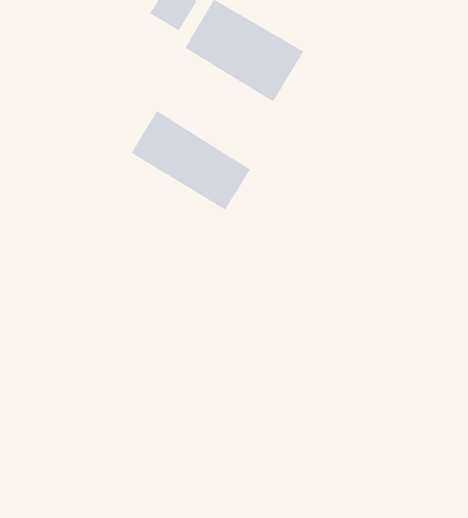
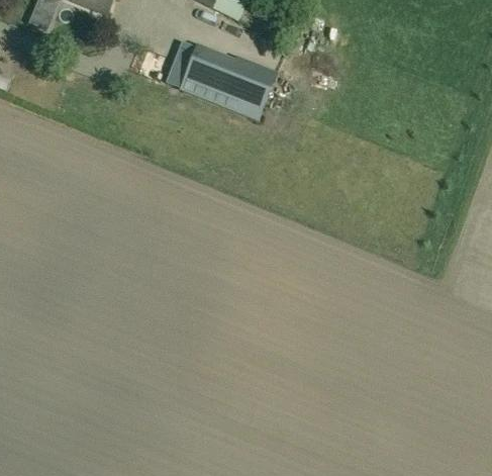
building: [131,110,251,210] -> none

